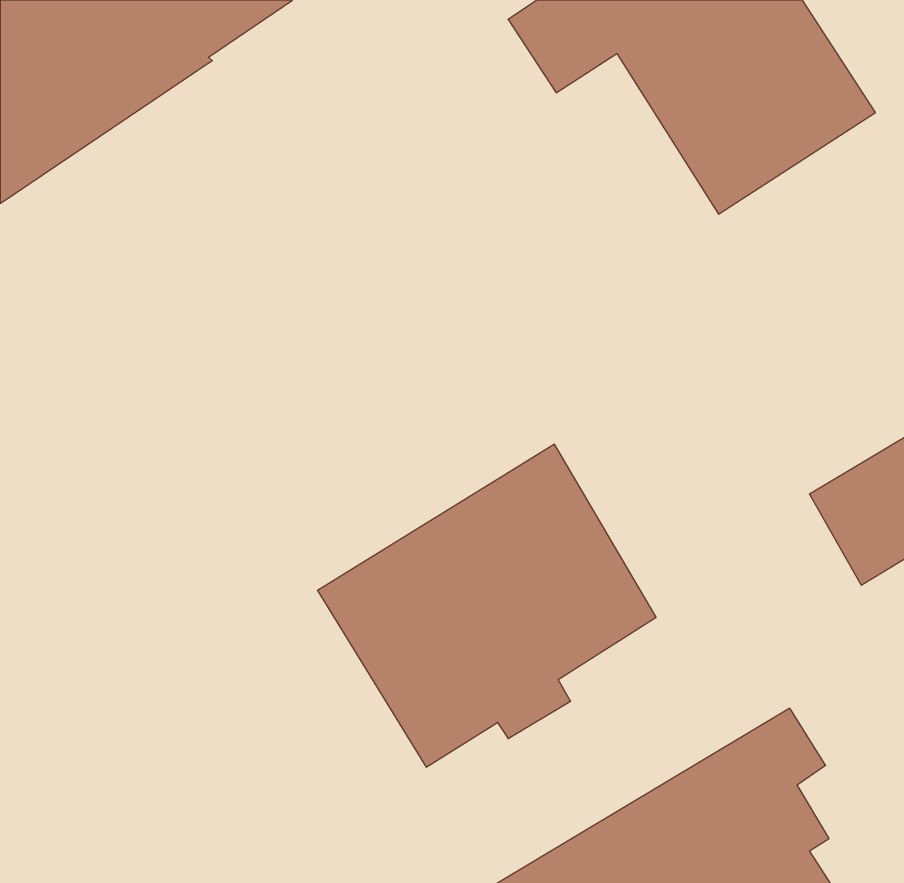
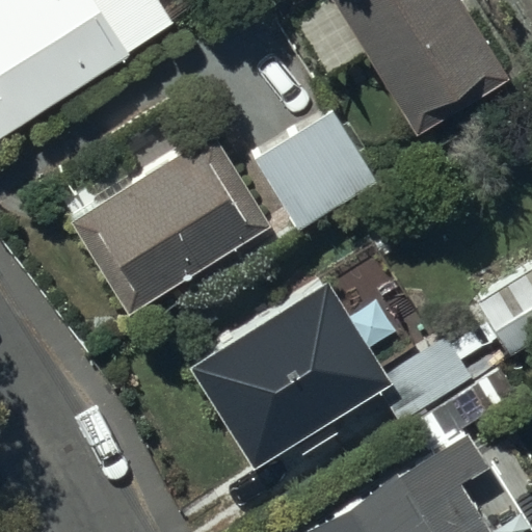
building: none -> [256,117,379,237]
building: none -> [66,131,270,315]

